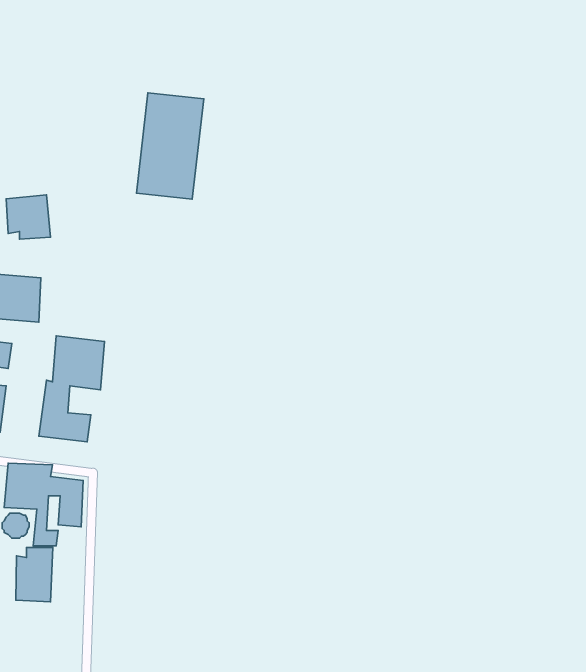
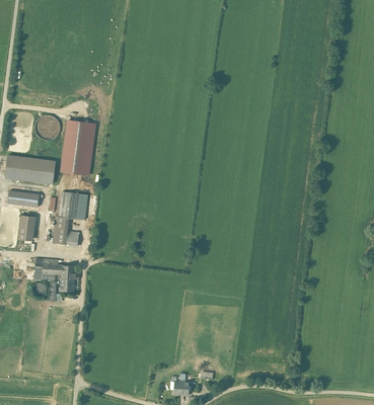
building: [136,93,204,199] -> [60,120,95,176]
building: [16,548,53,602] -> none

